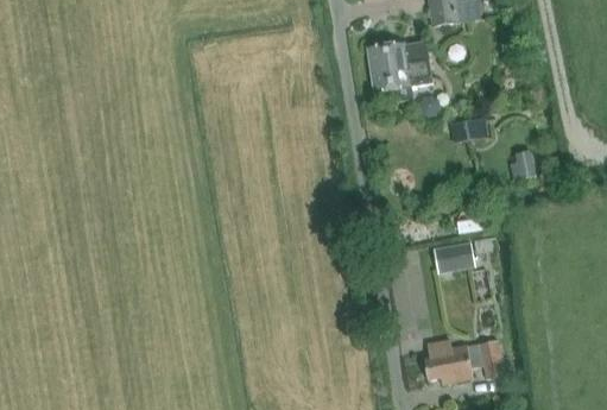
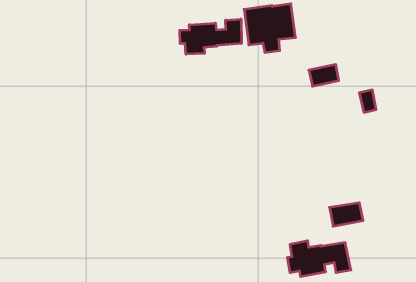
building: none -> [180,19,242,54]
building: [432,242,475,272] -> [329,203,363,226]

